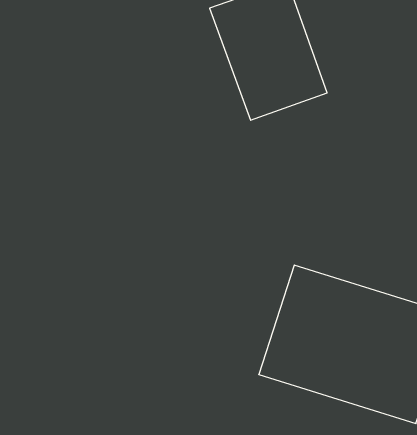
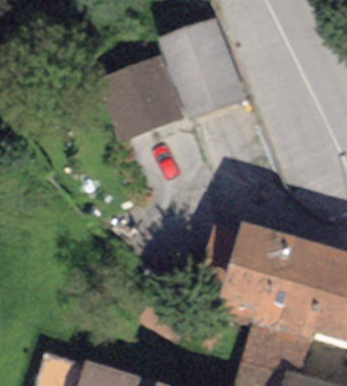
building: none -> [100,50,183,135]

